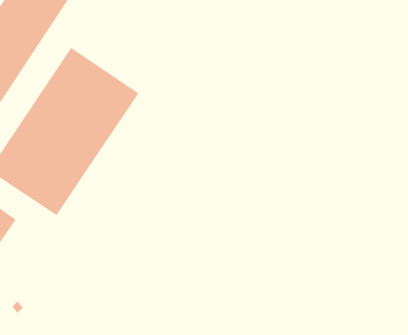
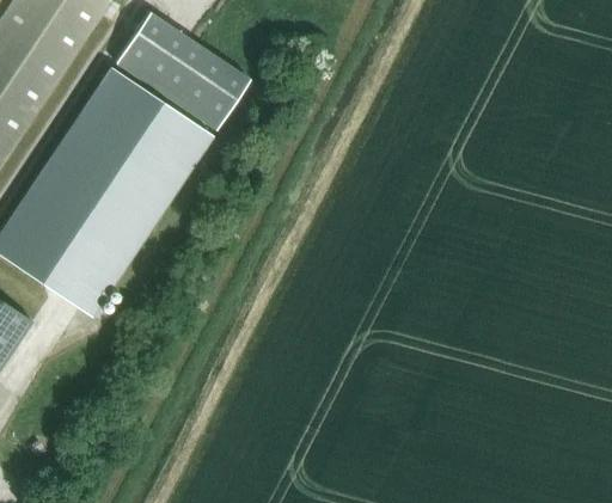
building: none -> [112,10,247,130]

